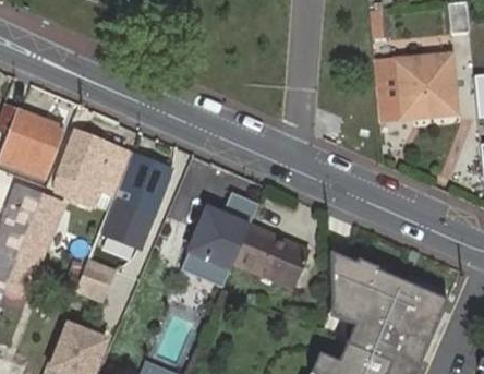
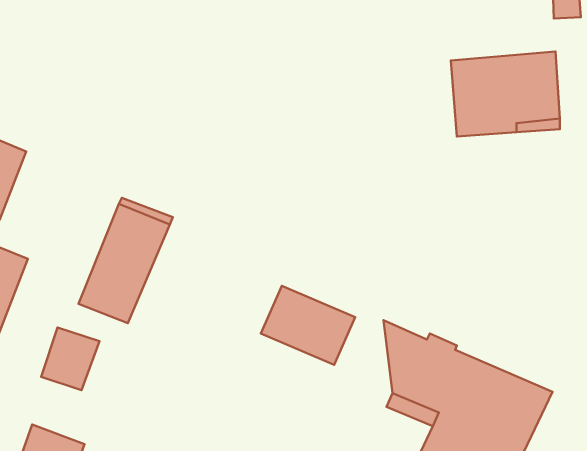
building: [57,132,132,198] -> none
building: [182,192,259,288] -> none

